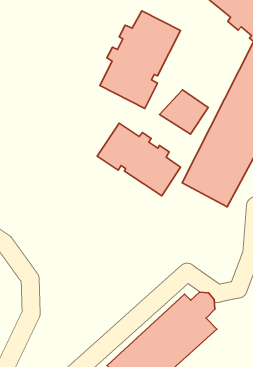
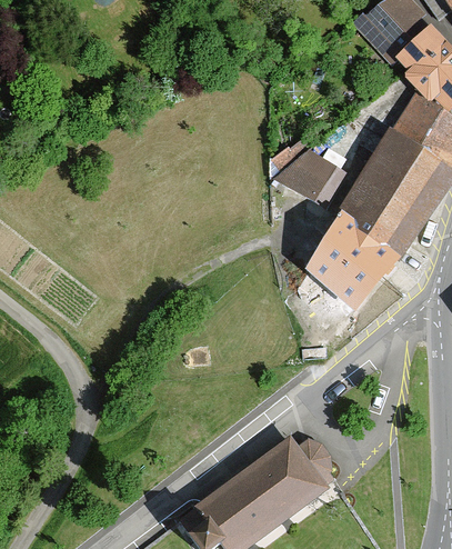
building: [100,11,180,108] -> none
building: [97,123,181,196] -> none

